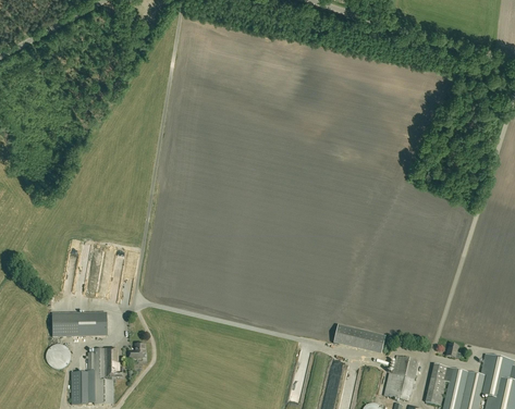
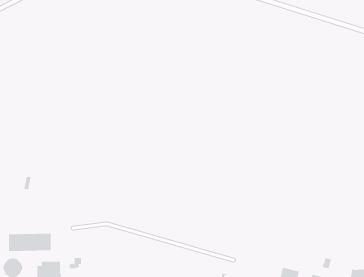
building: [335,324,384,350] -> none

